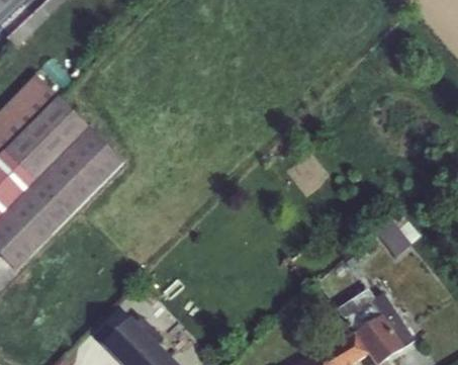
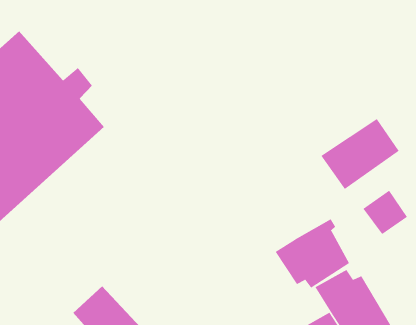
building: none -> [320,118,399,190]
building: none -> [275,218,350,288]

